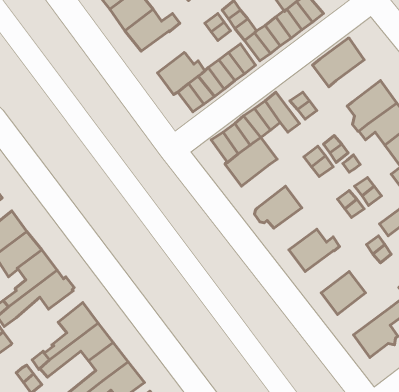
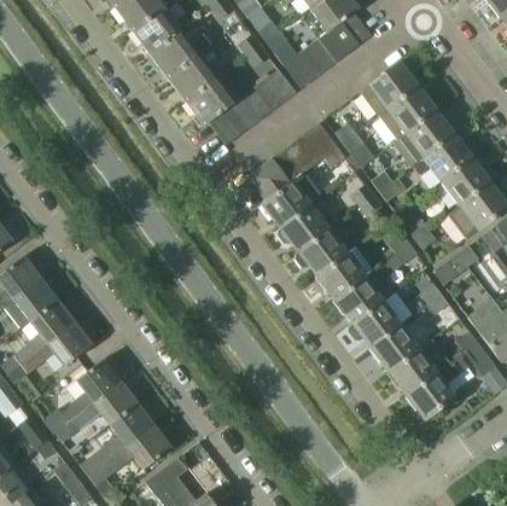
building: none -> [168,53,222,100]
building: none -> [386,86,436,133]
building: none -> [276,203,336,251]
building: none -> [316,245,373,298]
building: none -> [349,299,401,347]
building: none -> [387,338,448,394]

